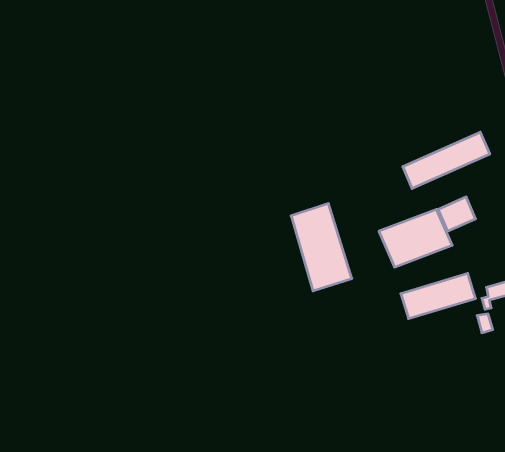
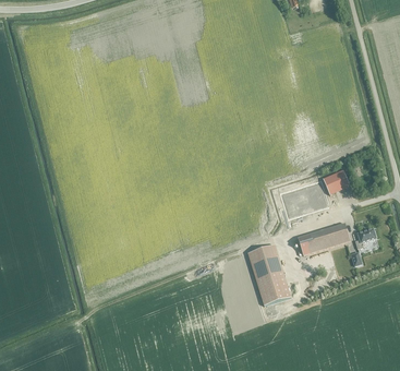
building: [403,132,490,189] -> none
building: [291,204,352,291] -> [249,244,291,306]

